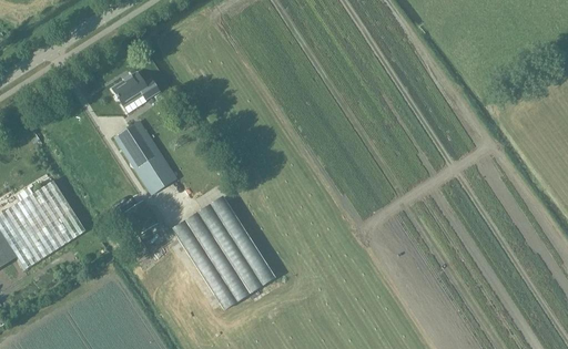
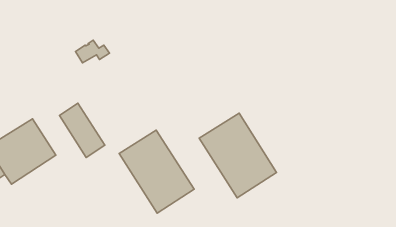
building: [114,120,176,194] -> [59,103,105,157]
building: none -> [199,113,276,198]

